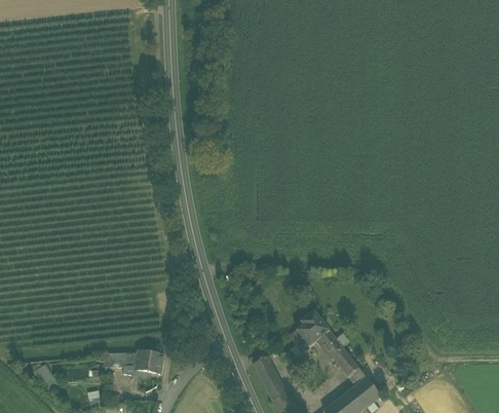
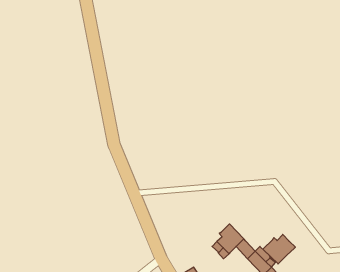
building: none -> [263,234,295,264]

